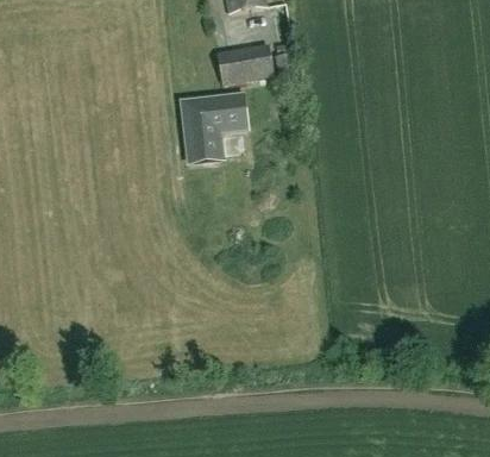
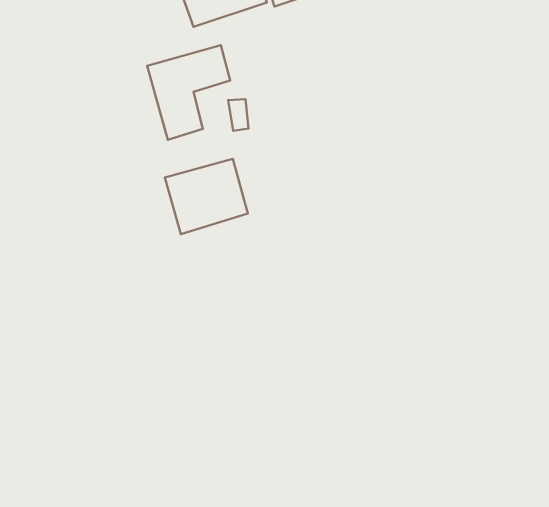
building: none -> [165,159,248,234]

